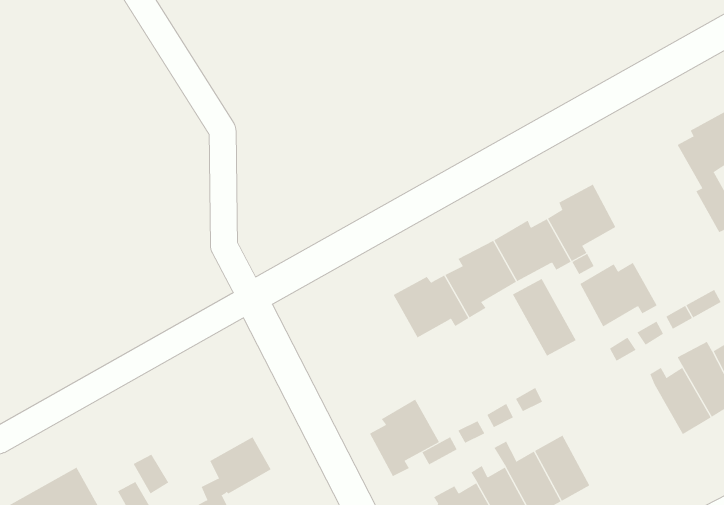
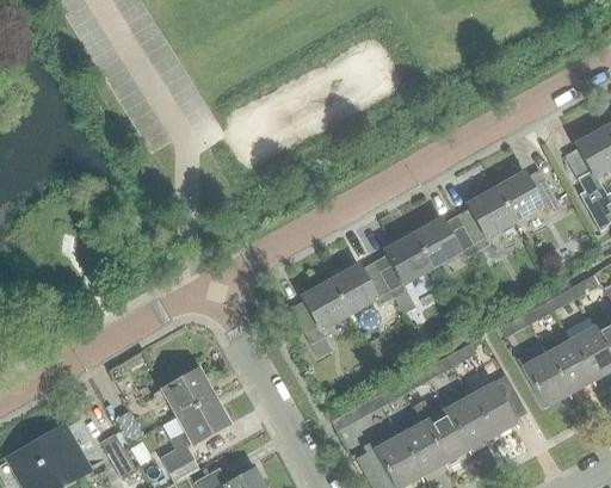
building: [580,262,658,327] -> [495,169,560,223]
building: [512,278,576,357] -> none
building: none -> [521,353,569,408]
building: none -> [152,360,214,416]
building: [369,399,440,477] -> [291,279,350,344]
building: none -> [470,375,524,437]

